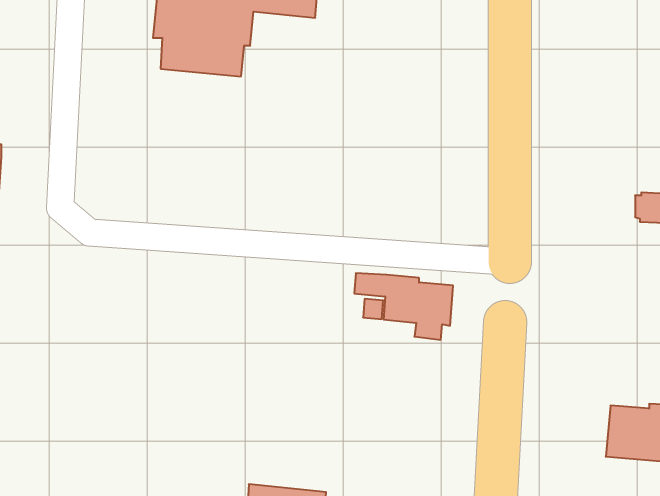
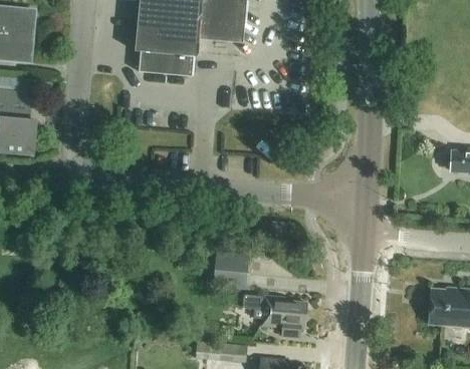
building: [354,273,453,340] -> [242,295,306,338]
building: none -> [215,256,248,290]

